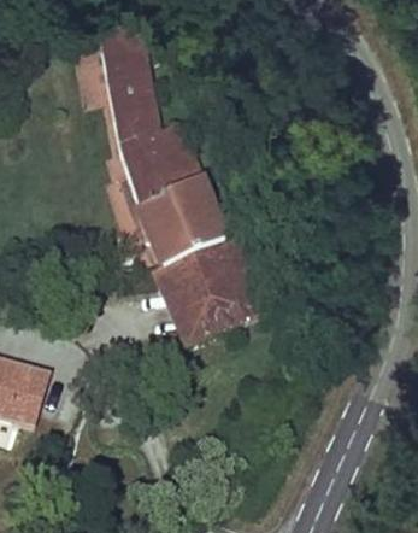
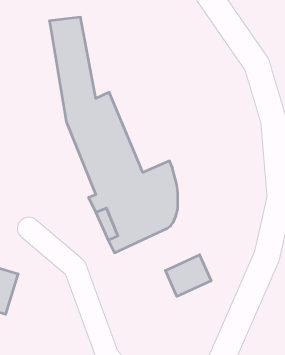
building: none -> [165,255,211,296]

